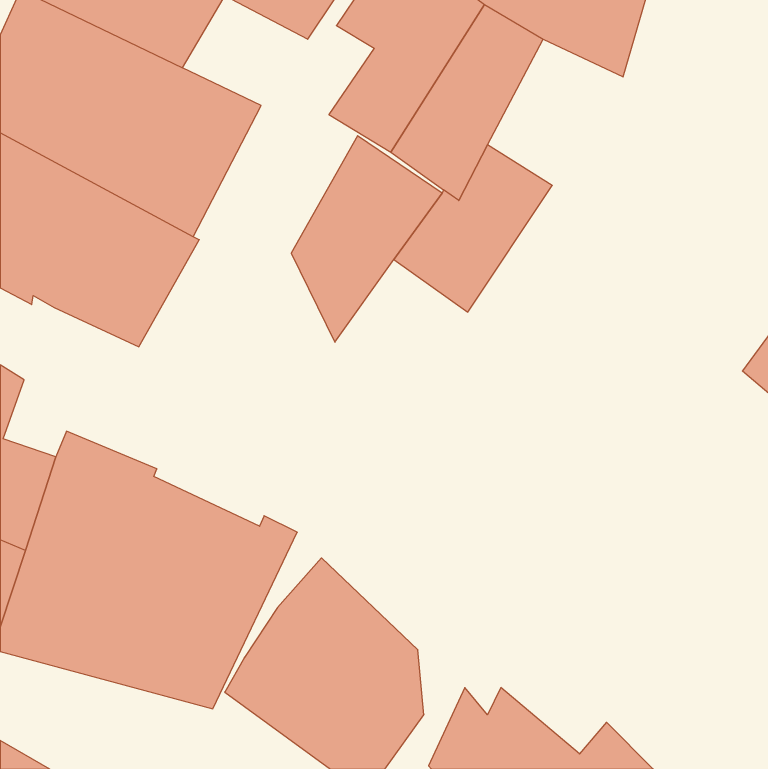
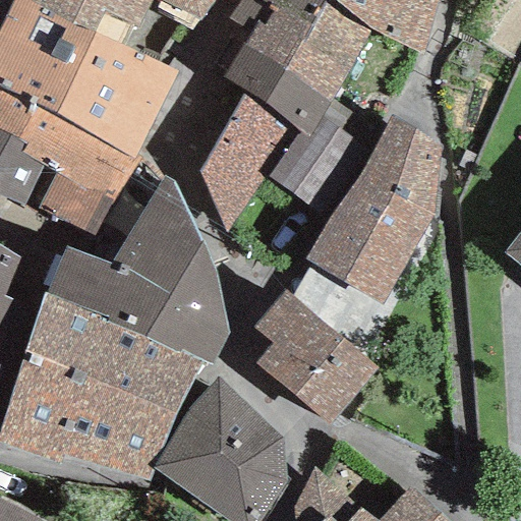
building: none -> [306,115,440,303]
building: none -> [47,176,229,364]
building: none -> [254,289,379,424]

